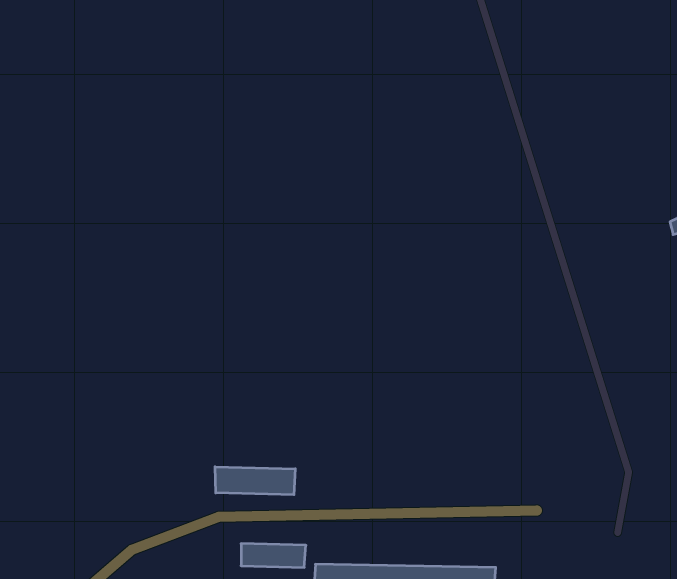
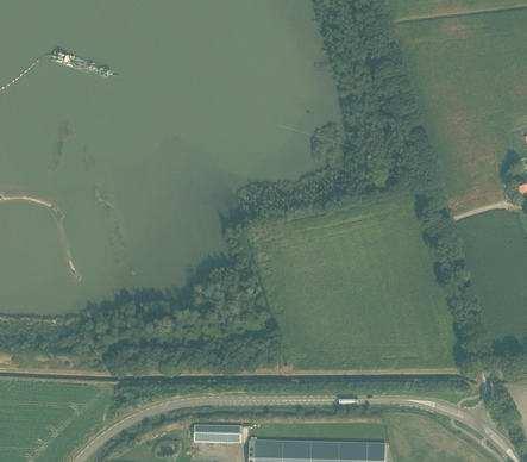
building: [215,467,295,495] -> none

